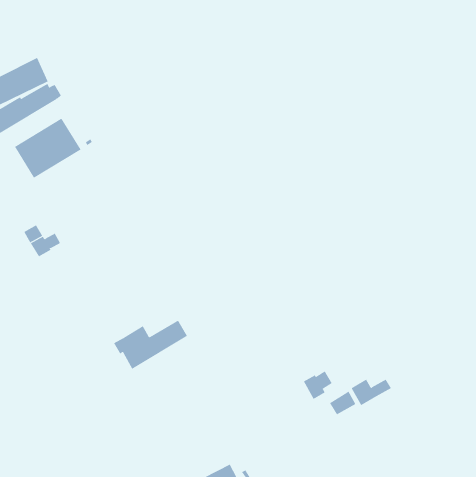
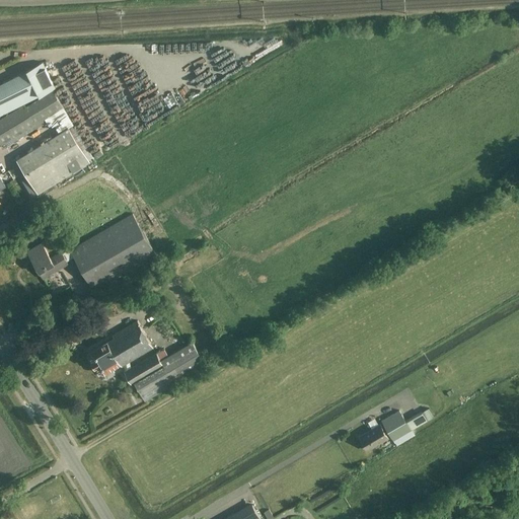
building: none -> [68,214,155,293]
building: none -> [88,321,151,378]
building: [303,370,333,400] -> none

